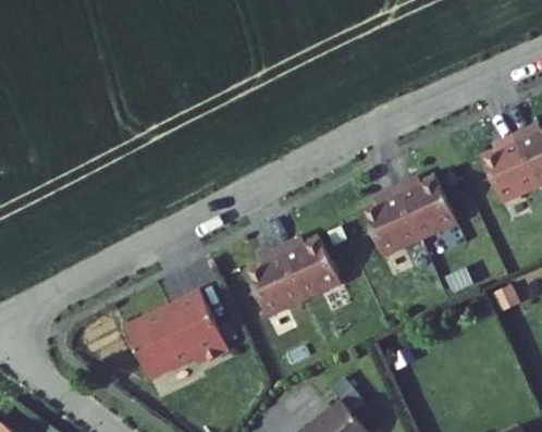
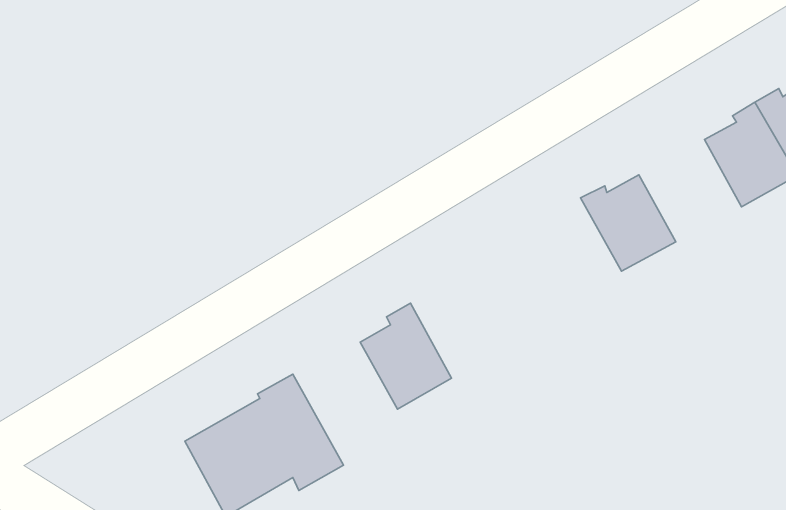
building: [361,188,419,256] -> none
building: [280,236,340,299] -> none

